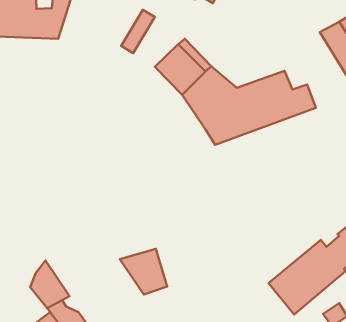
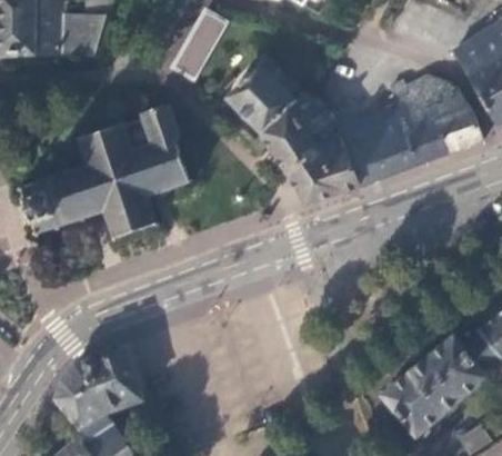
building: none -> [390,75,483,152]
building: none -> [19,106,190,238]
building: [120,249,167,295] -> [74,349,140,413]

